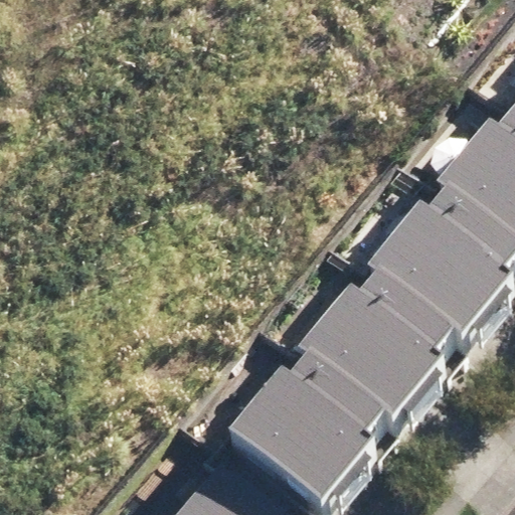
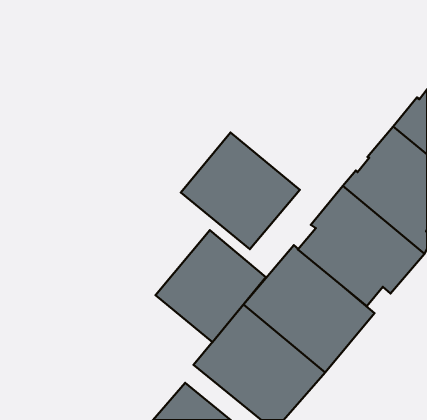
building: none -> [181,132,300,249]
building: none -> [155,230,266,342]

